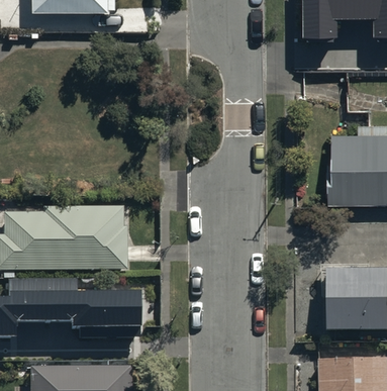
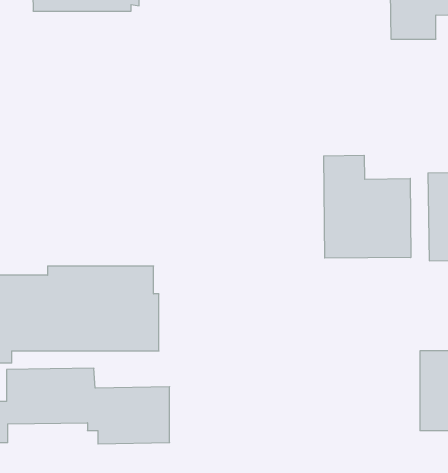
building: none -> [324,155,411,258]

